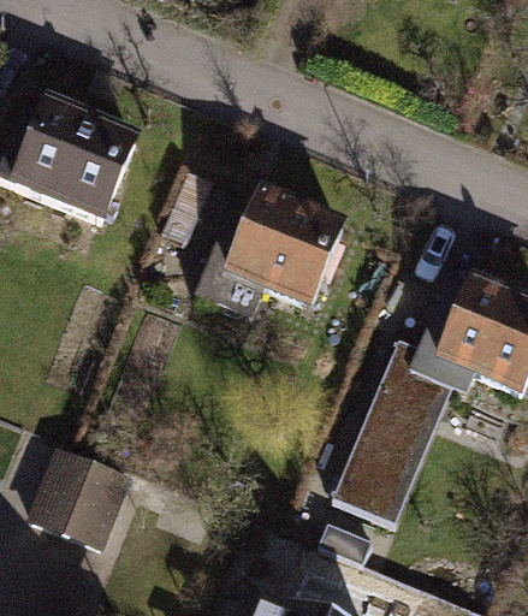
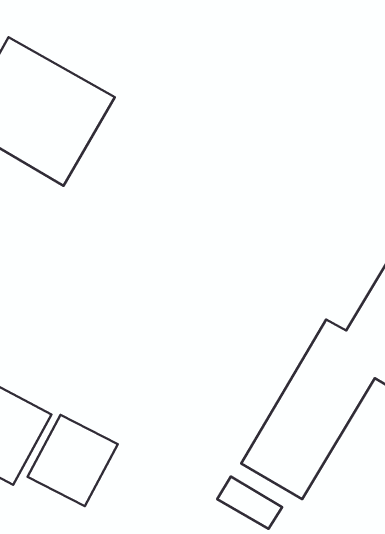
building: [192,179,357,316] -> none
building: none -> [28,415,118,506]

